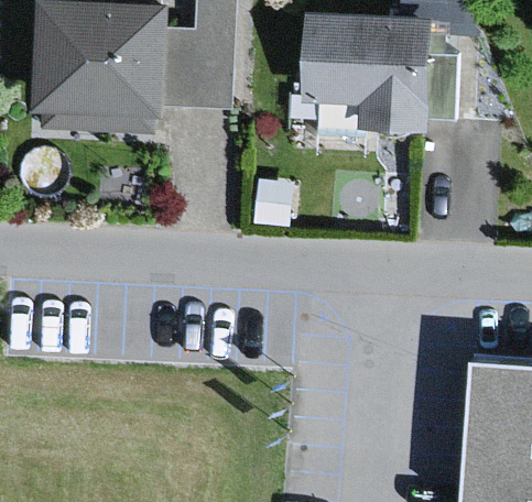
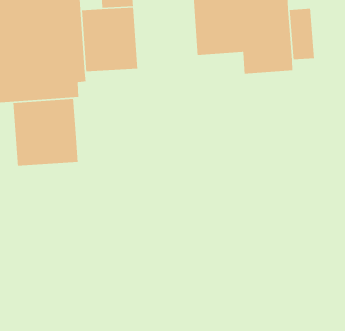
building: none -> [13,98,78,167]

